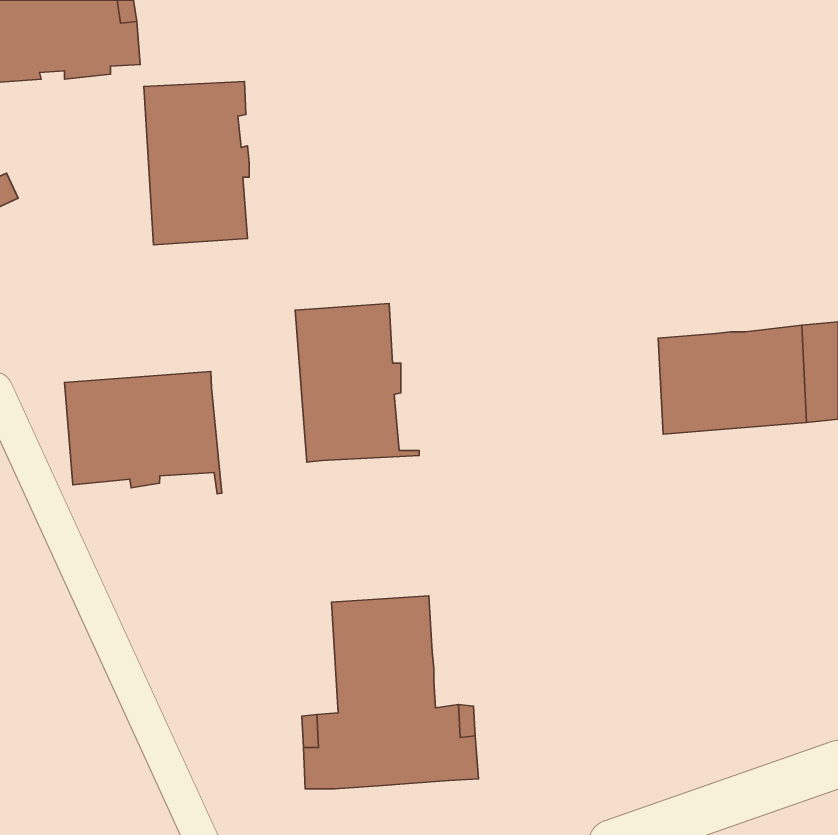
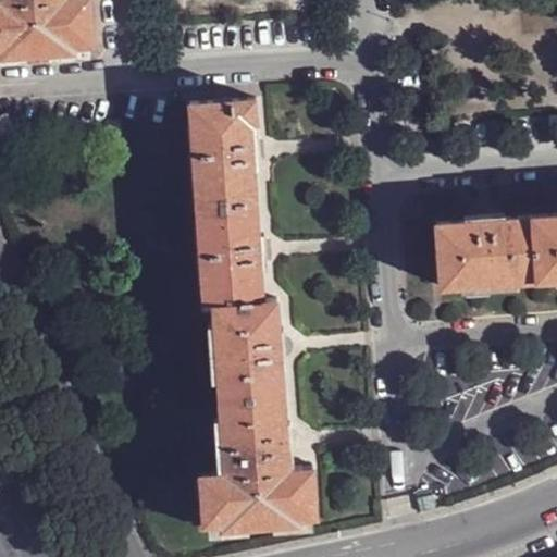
building: [144,82,249,245] -> [188,102,258,210]
building: [64,371,222,494] -> none
building: none -> [212,306,283,403]

